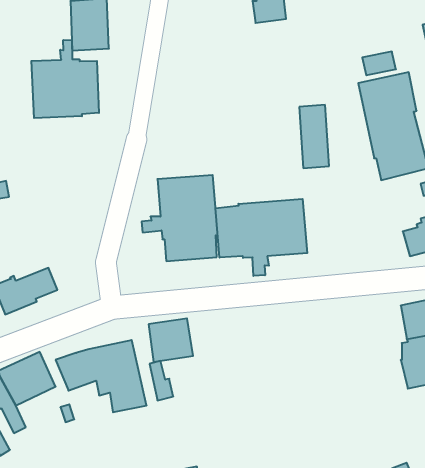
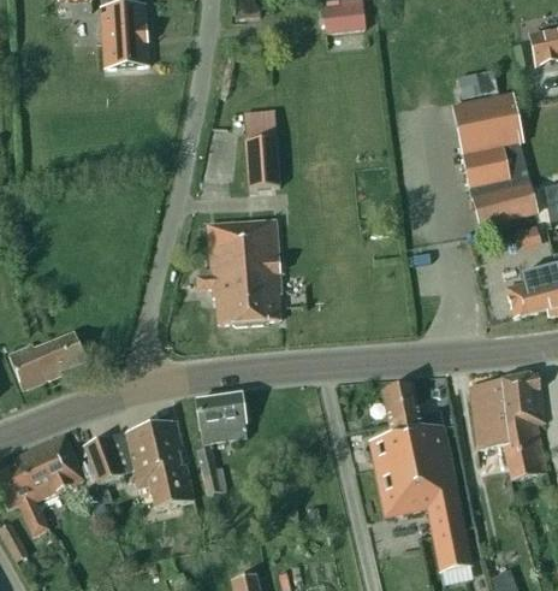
building: [31,40,99,118] -> none
building: [299,105,329,168] -> [243,111,279,188]
building: [216,199,307,276] -> none
building: none -> [469,378,511,449]
building: none -> [368,384,470,571]

